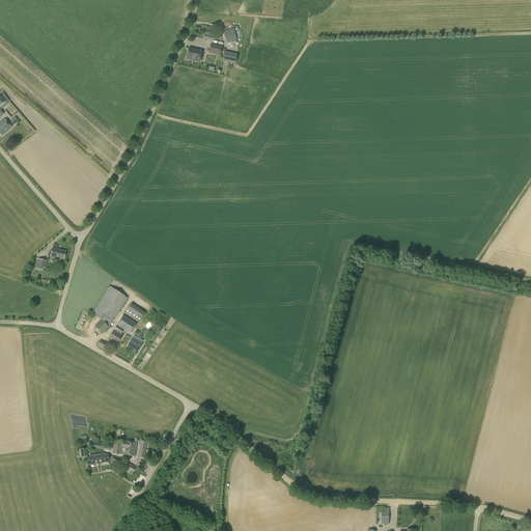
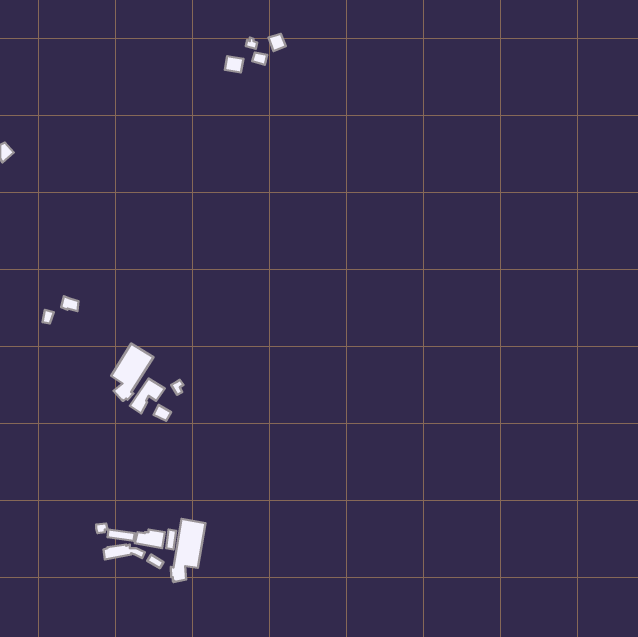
building: none -> [171,519,206,582]

